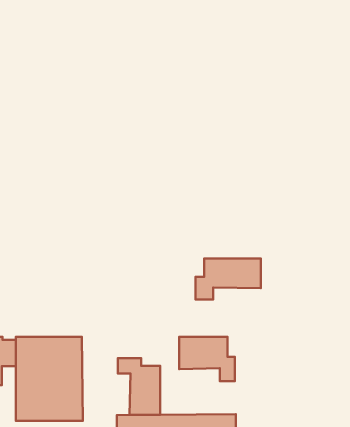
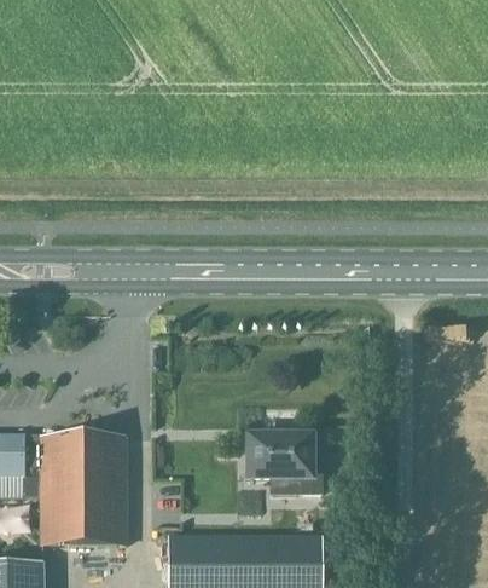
building: [195,258,261,300] -> none
building: [118,358,160,415] -> none

